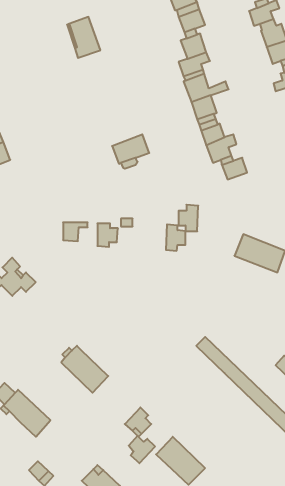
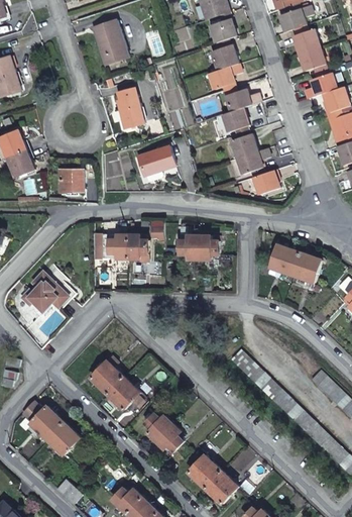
building: none -> [118,96,146,128]
building: none -> [64,169,88,191]
building: [179,205,198,231] -> [178,233,198,261]
building: none -> [106,232,126,256]
building: [129,436,155,463] -> [143,412,170,440]

